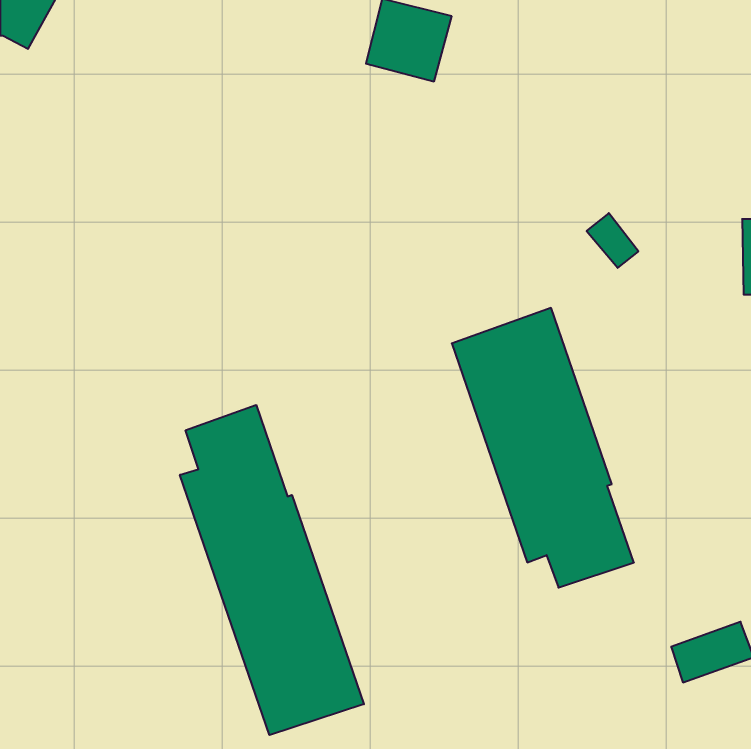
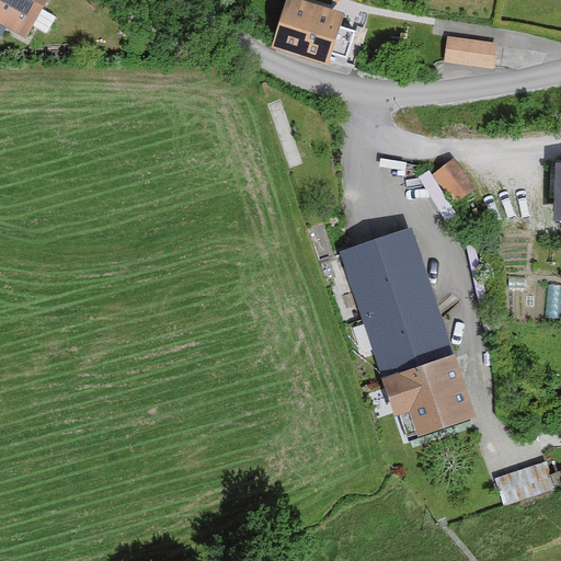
building: none -> [446,34,495,66]
building: [180,405,364,735] -> none

